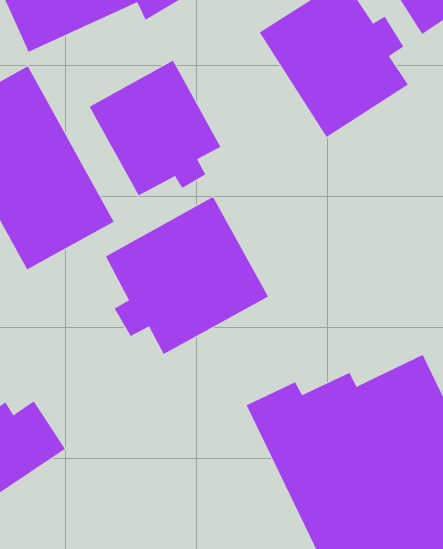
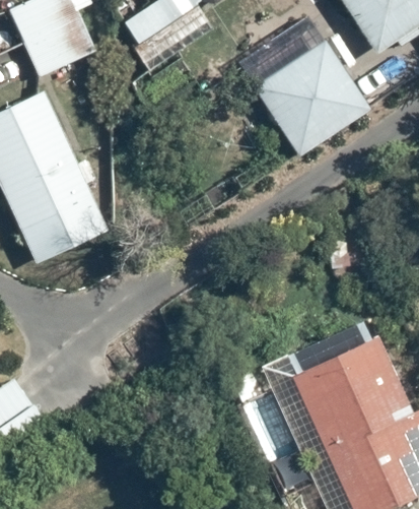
building: [89,60,221,196] -> none
building: [105,196,269,355] -> none

